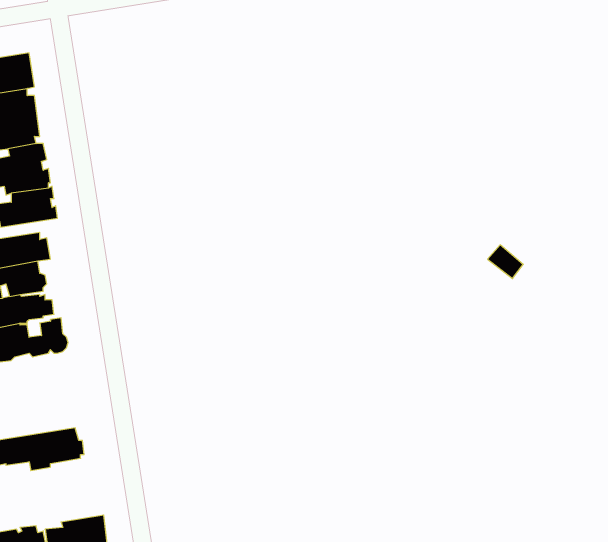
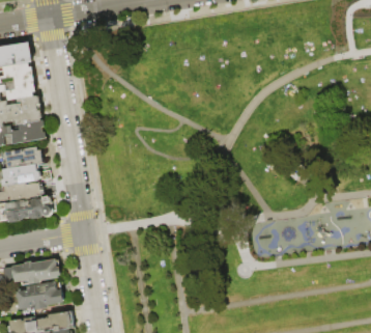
building: none -> [17,282,64,311]

